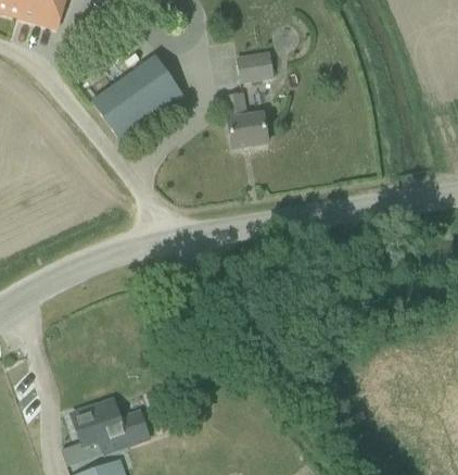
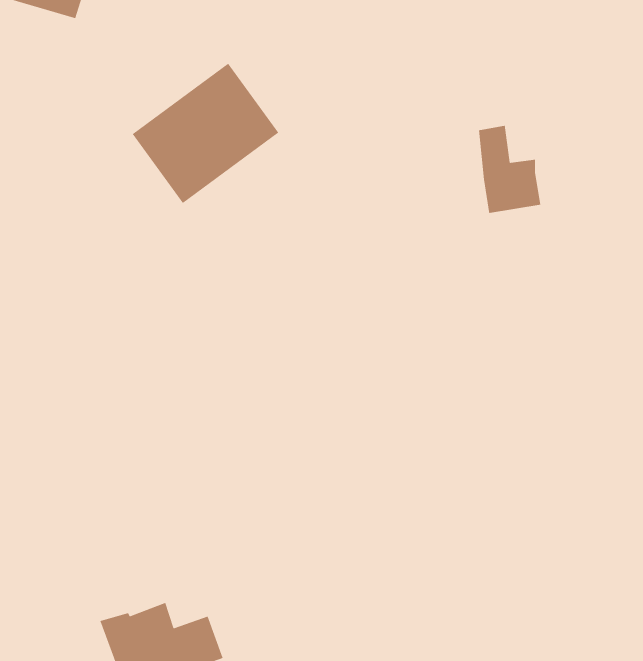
building: [237,50,275,82] -> none
building: [226,90,266,147] -> [478,125,541,213]

